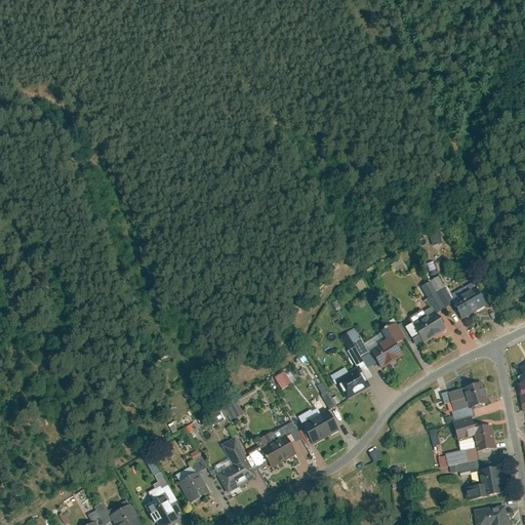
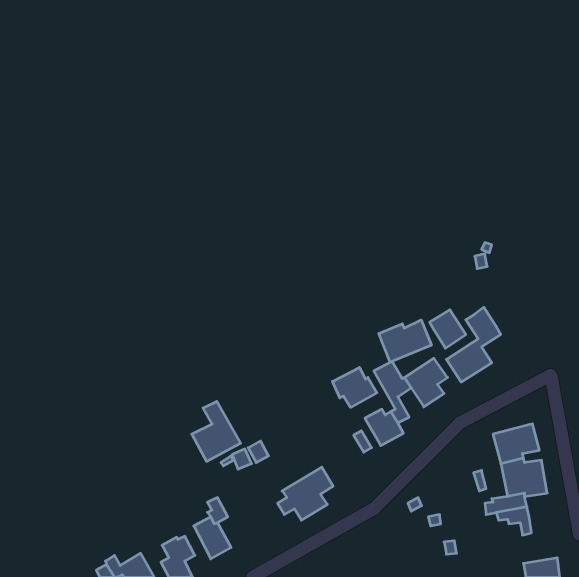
building: [449,284,482,319] -> [430,310,466,348]
building: none -> [379,320,431,362]
building: none -> [332,367,377,407]
building: [299,410,336,444] -> none
building: [212,437,256,491] -> [192,401,241,461]
building: [465,463,504,498] -> none

